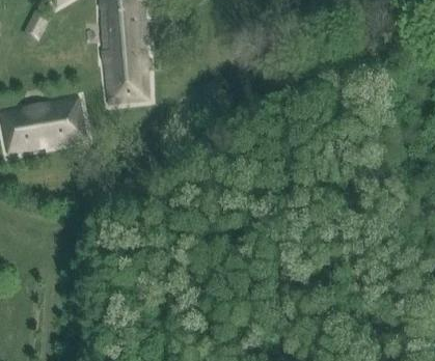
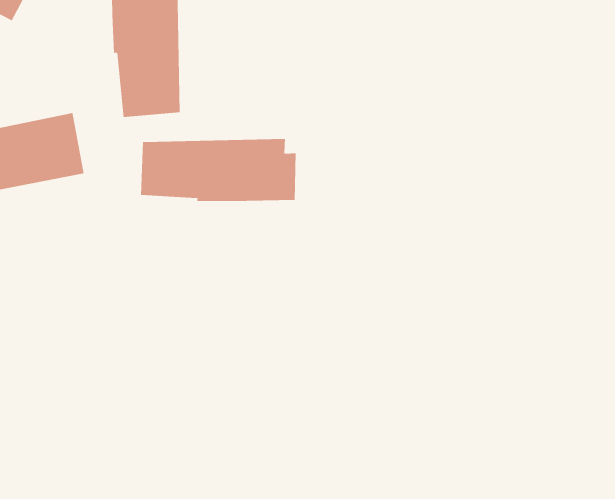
building: none -> [141,138,296,202]

